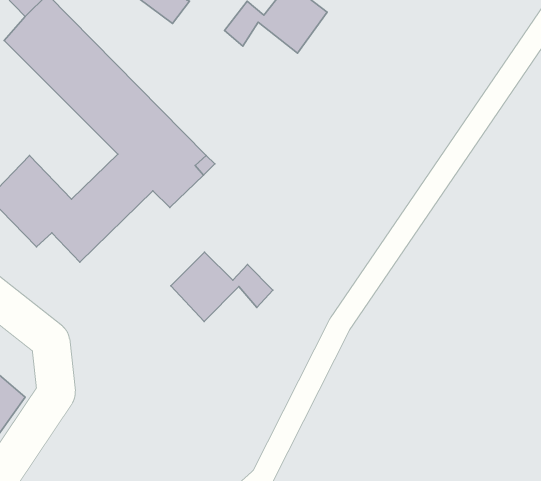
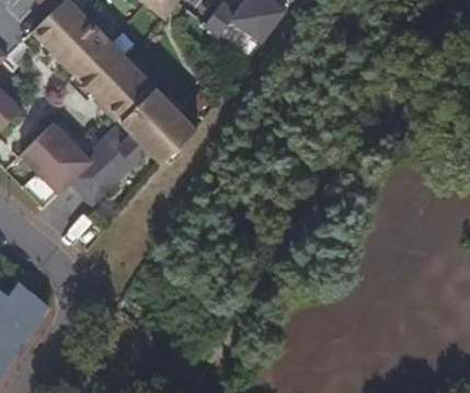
building: [171,252,273,322] -> none

